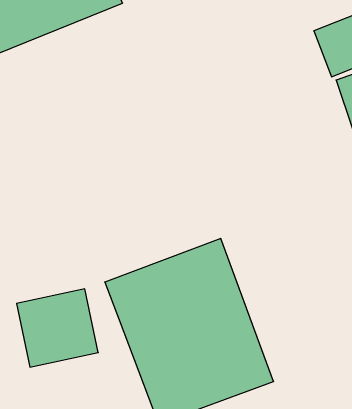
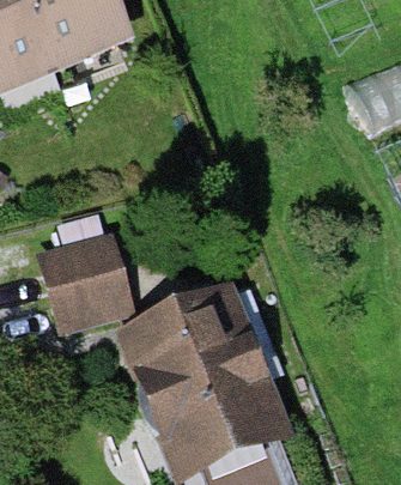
building: [17,289,98,367] -> [42,244,129,328]

